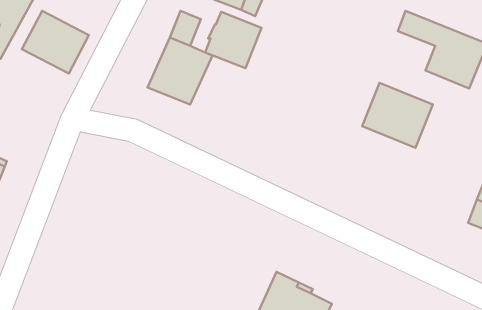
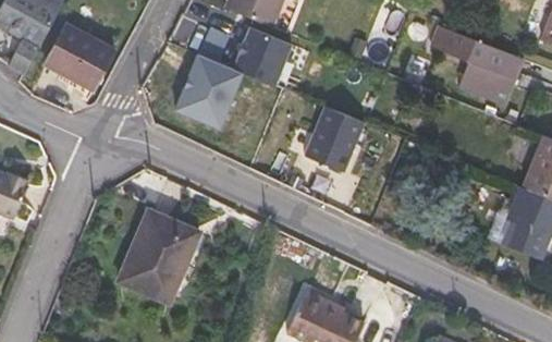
building: [362,83,433,148] -> none
building: none -> [307,107,363,164]
building: none -> [118,208,199,301]

